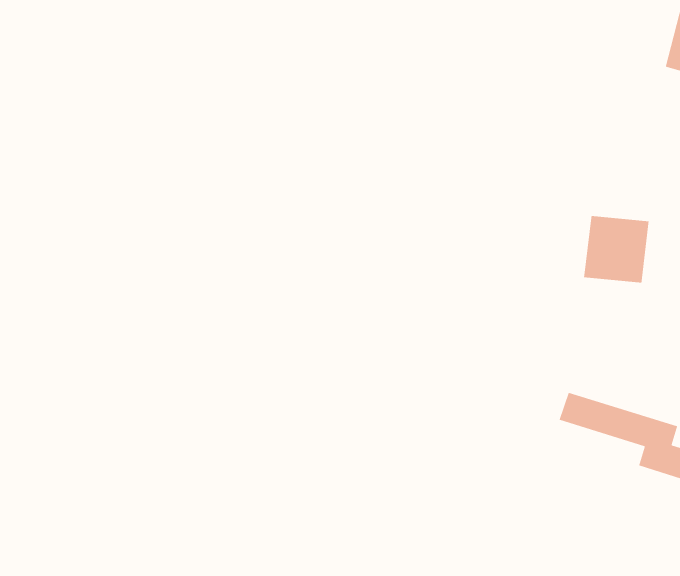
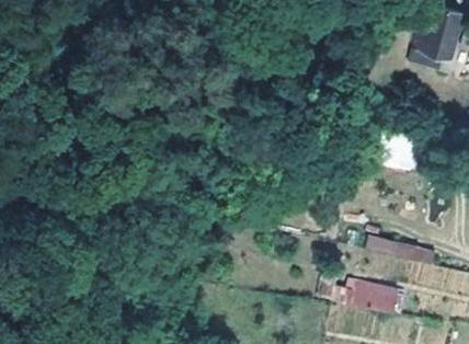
building: none -> [348,283,397,314]

